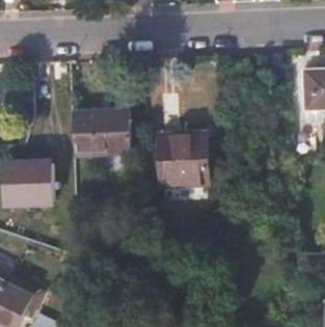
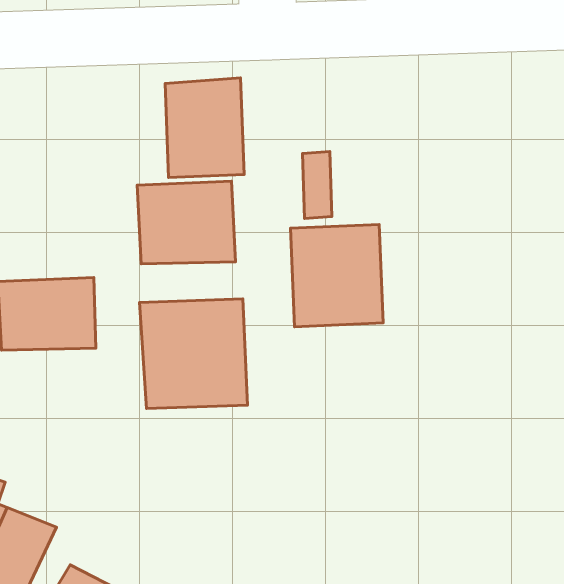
building: none -> [165,78,244,178]
building: none -> [140,299,247,409]

